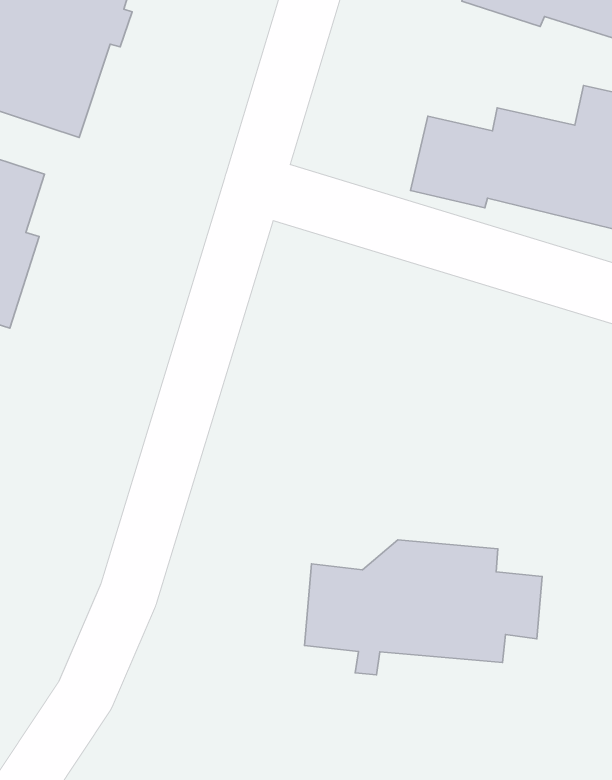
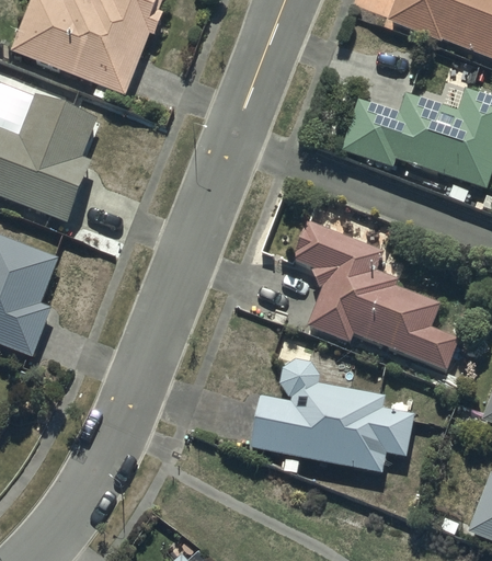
building: none -> [293,222,459,365]

